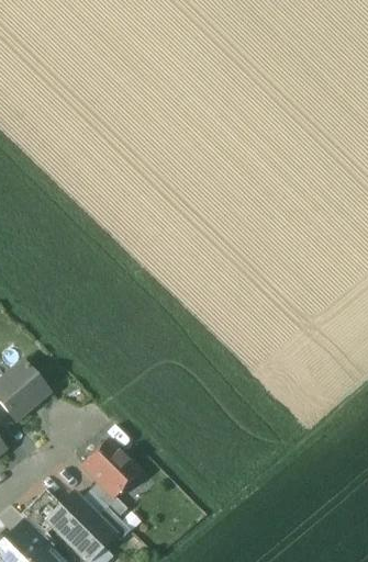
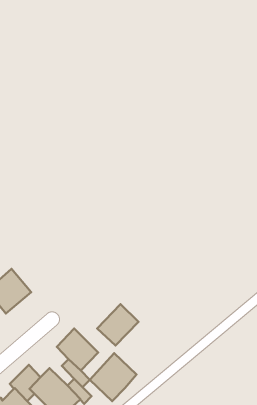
building: none -> [97,304,139,346]
building: none -> [90,353,136,401]

